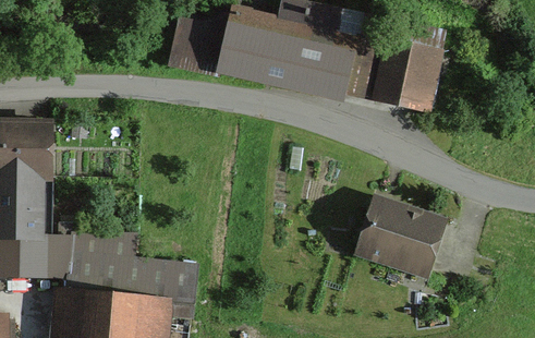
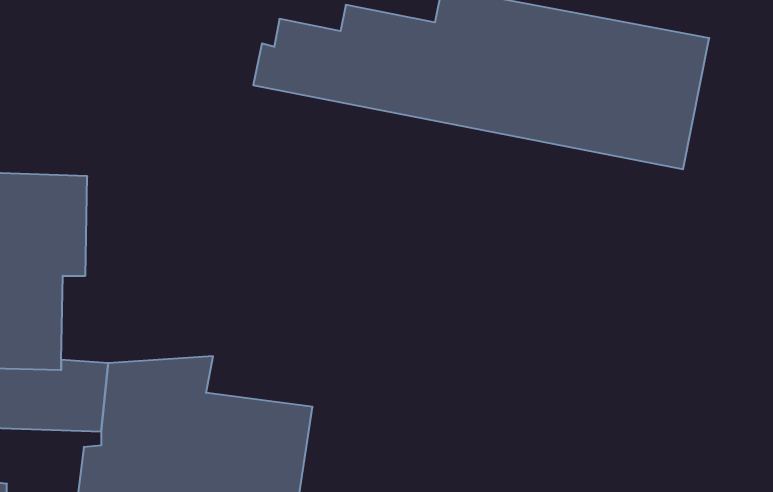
building: [354,193,447,277] -> none

